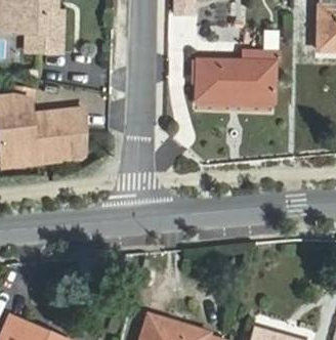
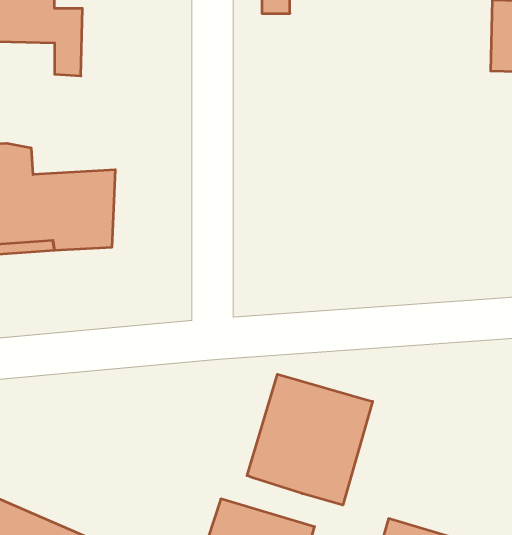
building: [195,49,276,101] -> none
building: none -> [247,374,373,505]

